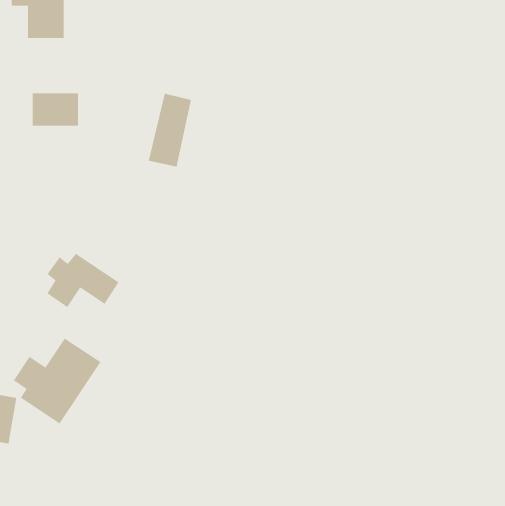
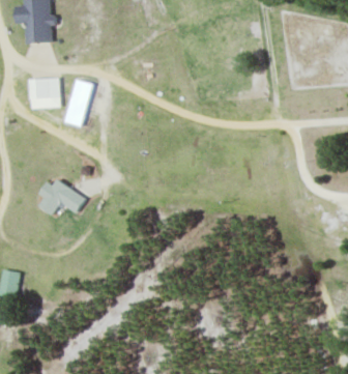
building: [148,93,192,168] -> [65,79,93,126]
building: [13,337,101,424] -> none

